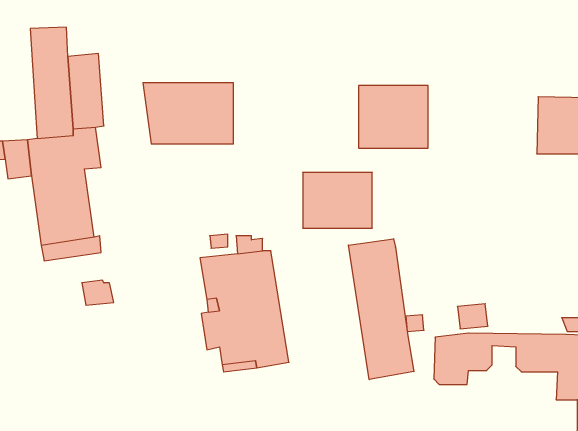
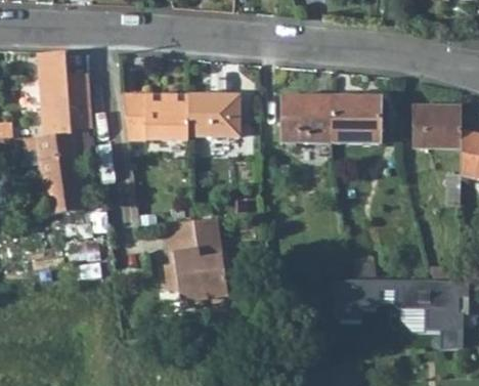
building: none -> [332,97,380,143]
building: [303,172,372,228] -> [188,95,239,136]
building: [348,239,414,380] -> none

